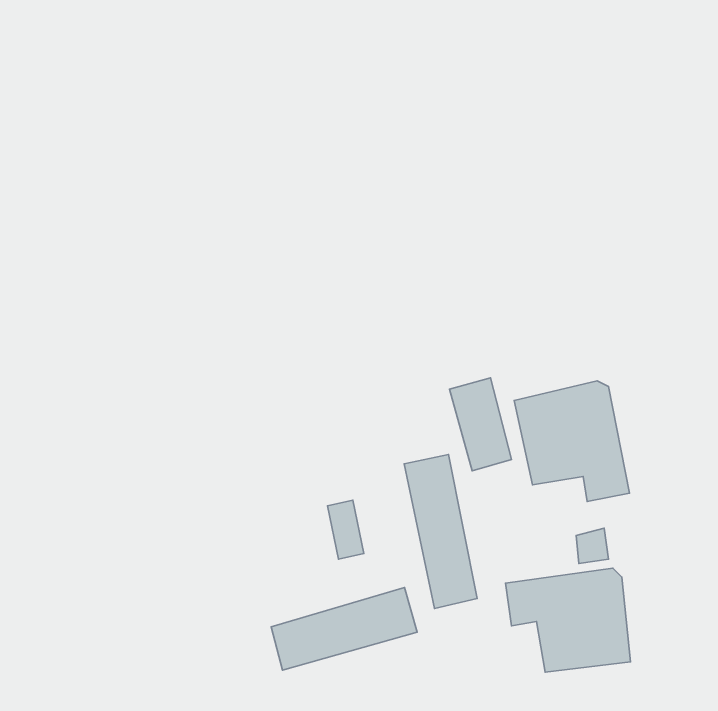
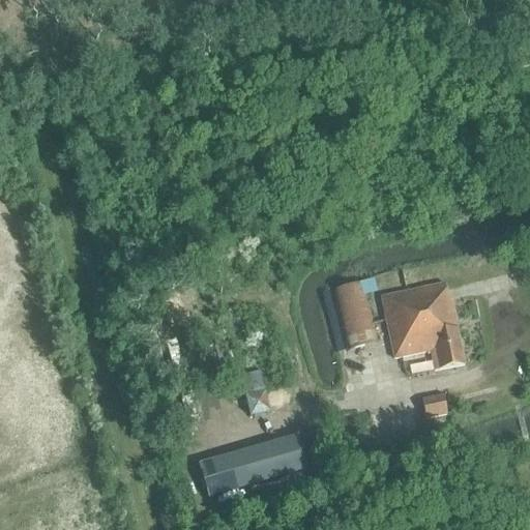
building: [404,455,477,609] -> none
building: [506,568,630,672] -> none

